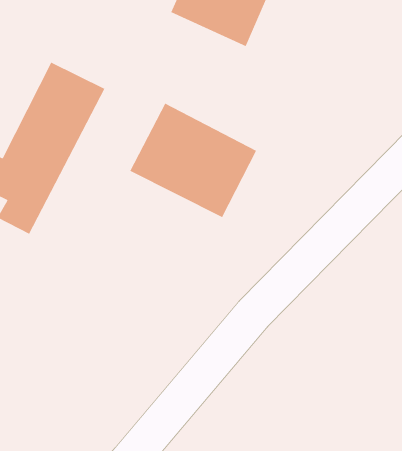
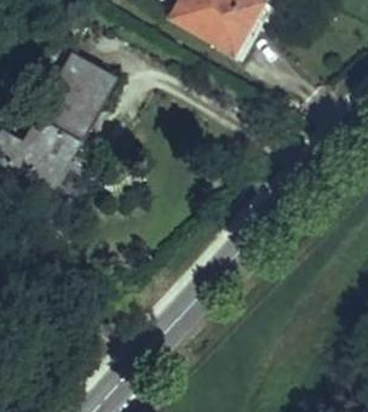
building: [129,102,257,218] -> none

